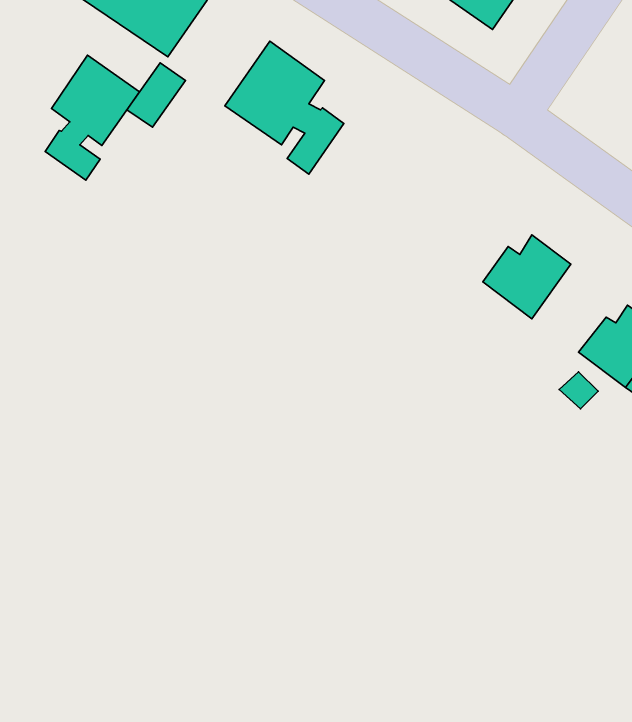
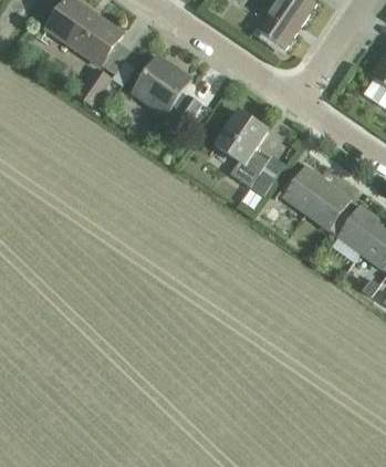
building: [45,55,140,180] -> none
building: none -> [215,110,272,195]
building: none -> [306,181,352,231]

